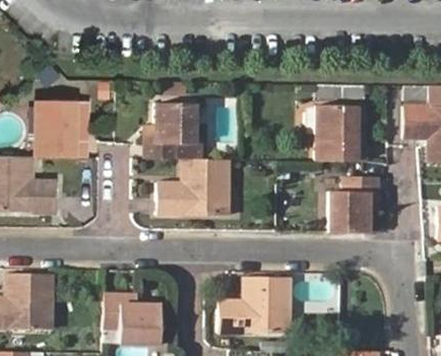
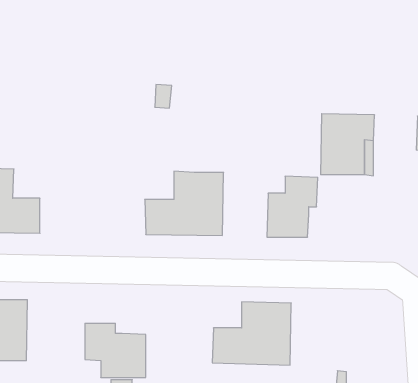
building: [44,102,92,157] -> none
building: [145,103,201,159] -> none
building: [329,177,375,232] -> [267,176,318,237]

